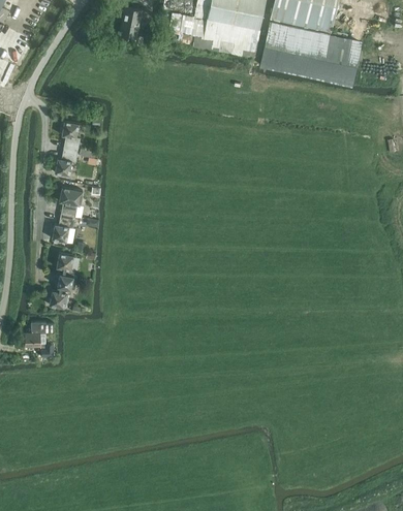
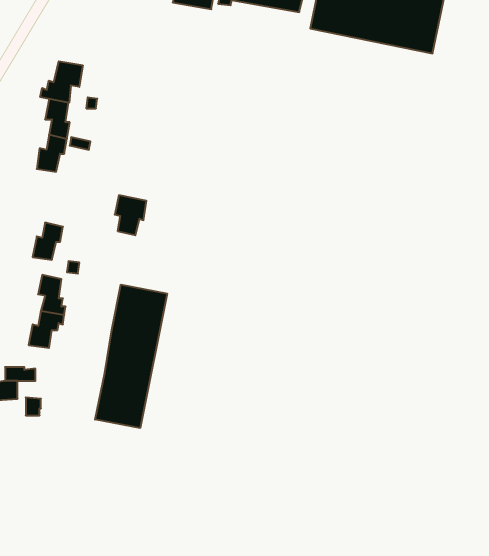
building: none -> [40,61,83,103]
building: [59,186,83,216] -> [115,195,146,235]
building: none -> [95,285,167,428]

